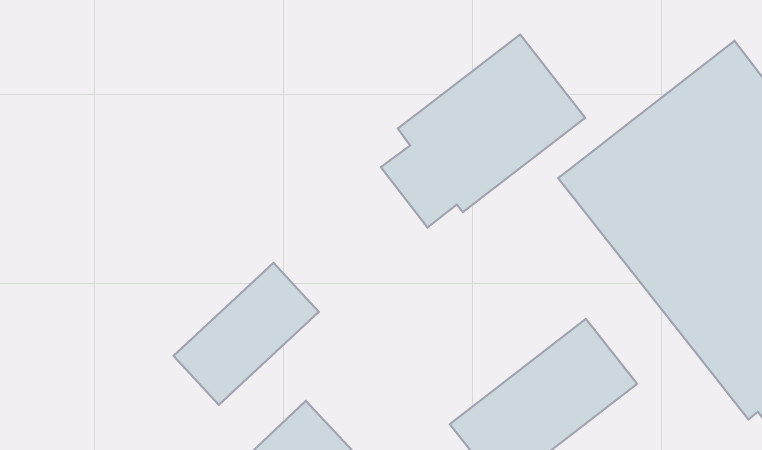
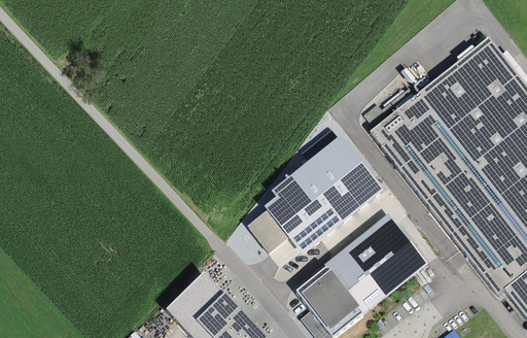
building: [381,34,585,228] -> [248,137,384,266]
building: [174,263,319,405] -> none

